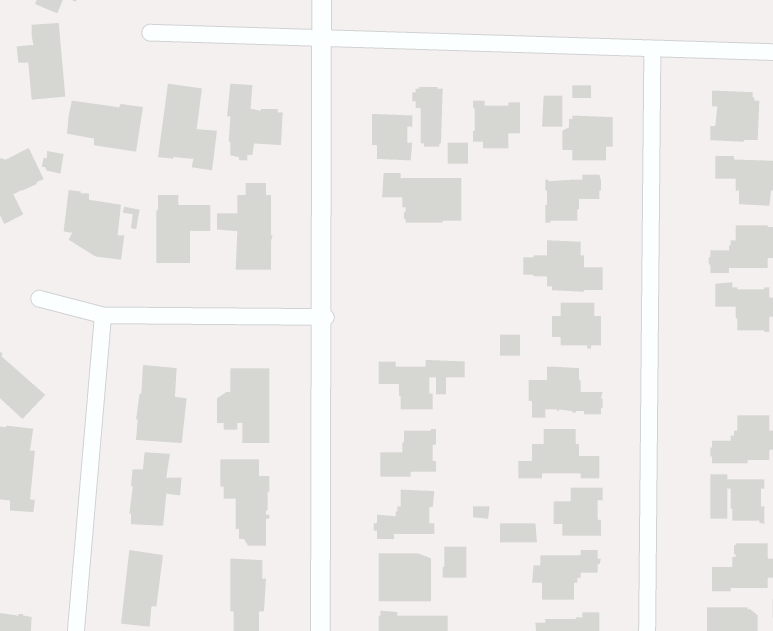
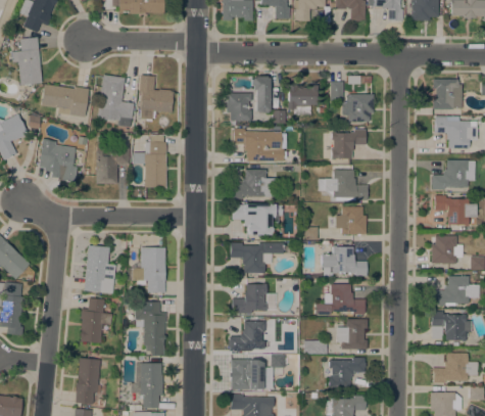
building: none -> [230,169,277,198]
building: none -> [232,203,282,234]
building: none -> [431,235,456,263]

